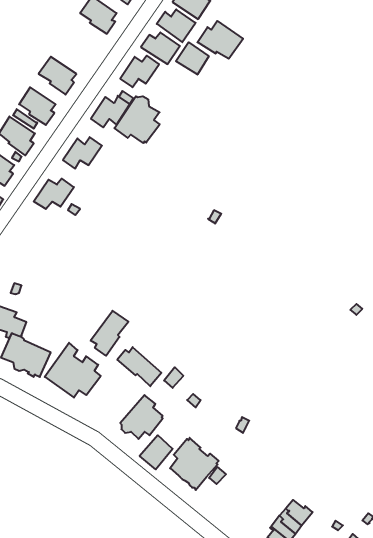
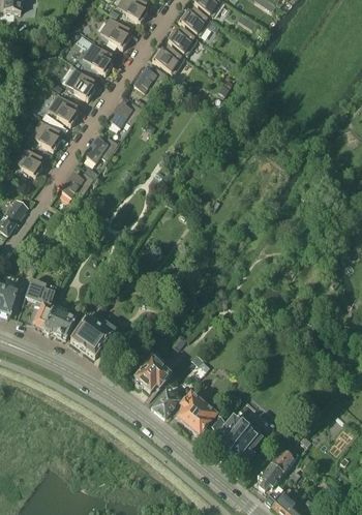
building: [197,21,243,59] -> none
building: none -> [83,41,114,73]
building: [176,42,209,75] -> none
building: [114,96,160,143] -> none
building: [91,311,128,356] -> none
building: [117,347,161,386] -> none
building: none -> [215,416,263,460]

